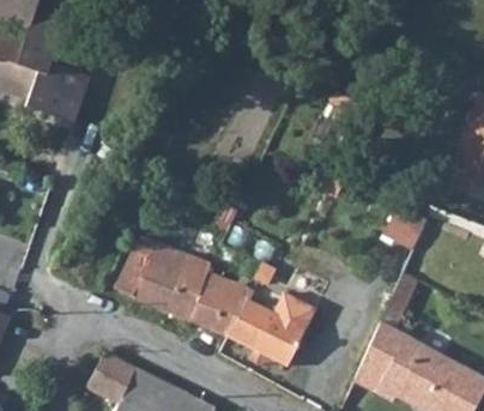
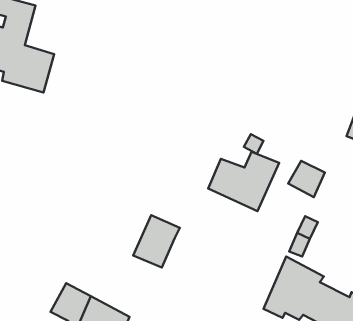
building: [119,232,214,320] -> none
building: [226,290,313,362] -> [208,152,279,211]

